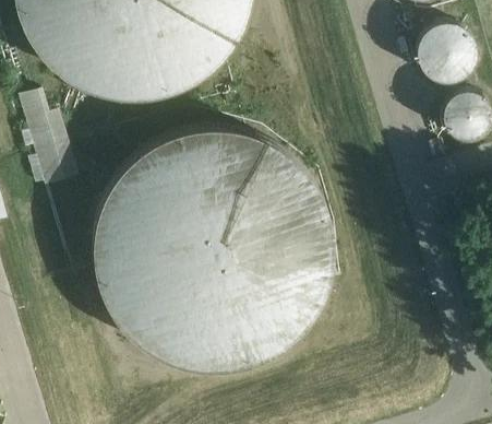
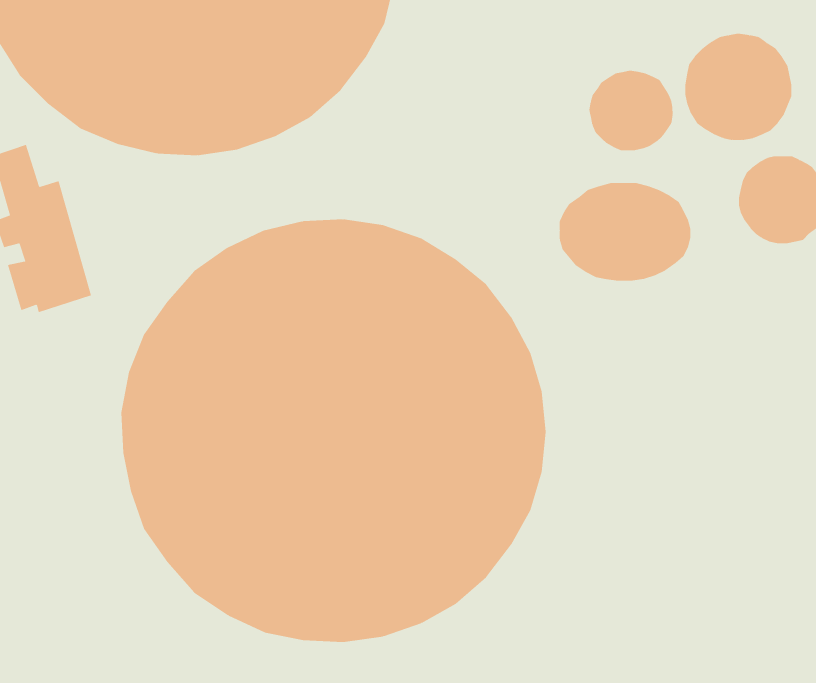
building: none -> [589,70,673,151]
building: none -> [559,182,691,282]

